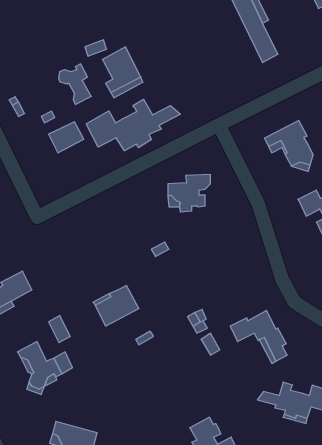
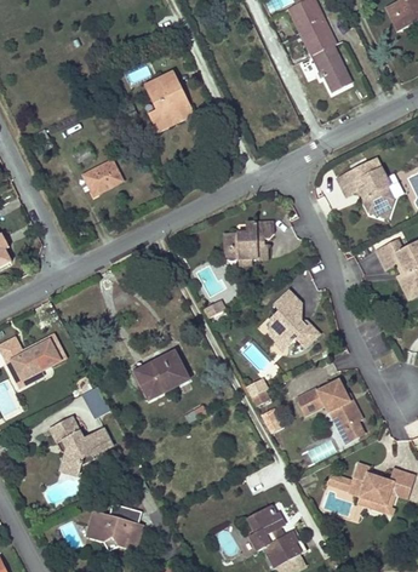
building: [59,64,91,105] -> none
building: [86,99,180,151] -> none
building: none -> [269,290,319,349]

